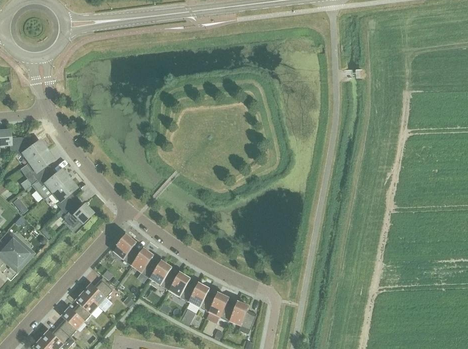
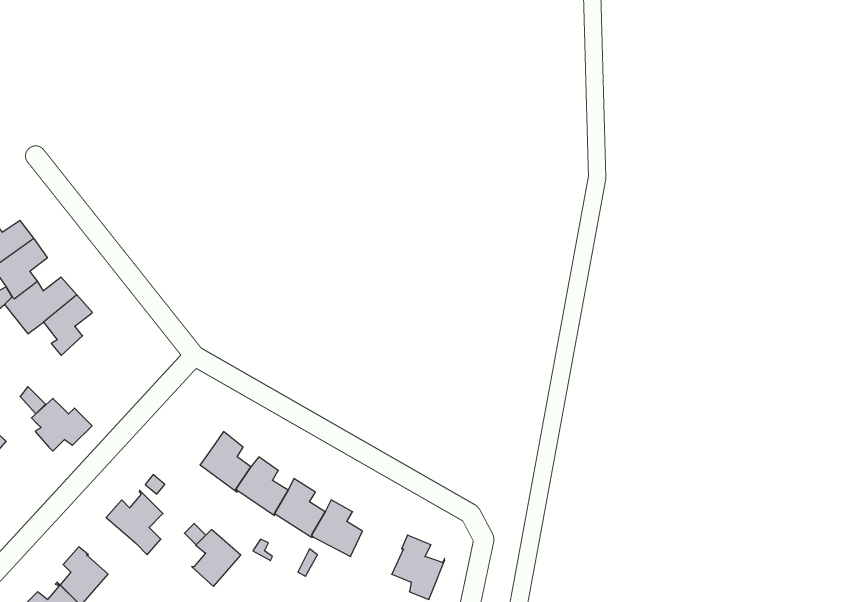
building: [61,198,92,225] -> [31,398,92,451]
building: [114,233,140,265] -> none
building: [74,291,99,320] -> [192,530,241,586]
building: [209,292,236,320] -> none

